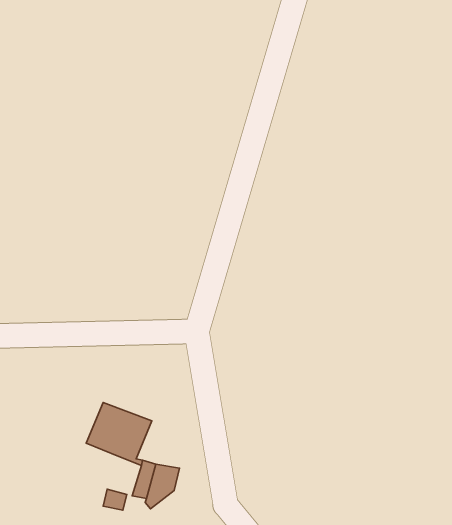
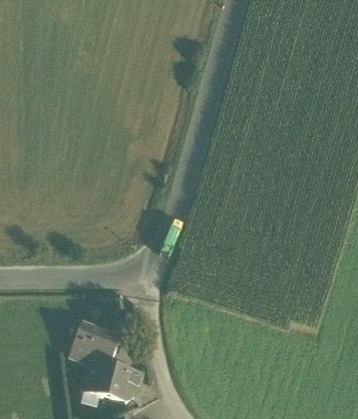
building: none -> [84,364,110,394]

